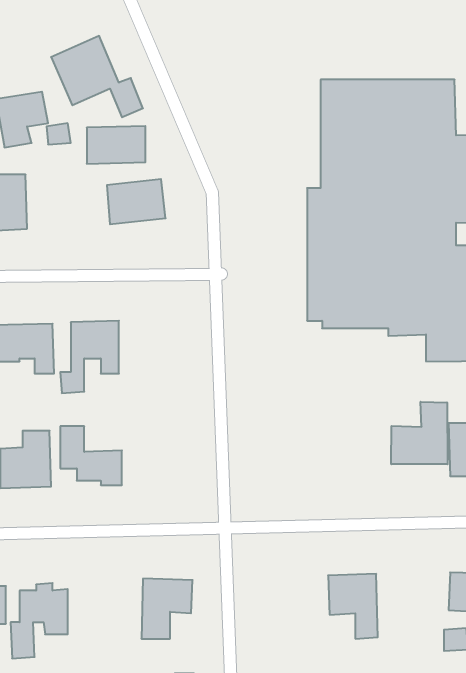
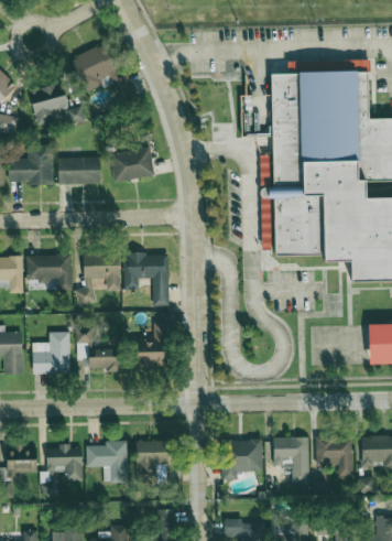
building: [87,126,145,164] -> [58,156,101,184]
building: none -> [124,252,170,306]
building: [391,402,448,464] -> none
building: none -> [135,322,170,368]
building: none -> [316,433,352,476]
building: none -> [221,439,263,479]
building: none -> [86,441,129,482]

